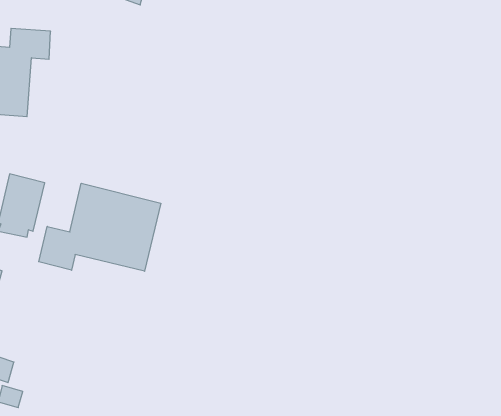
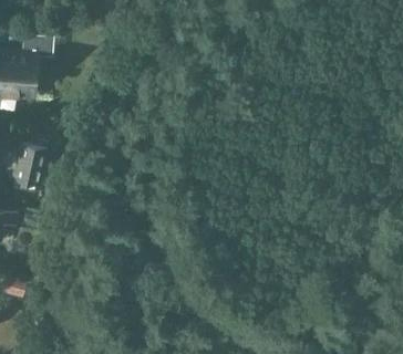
building: [39,183,161,271] -> none

